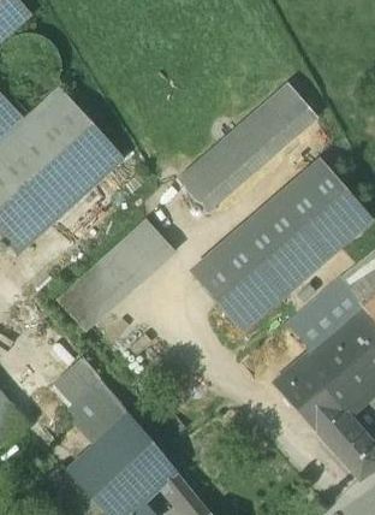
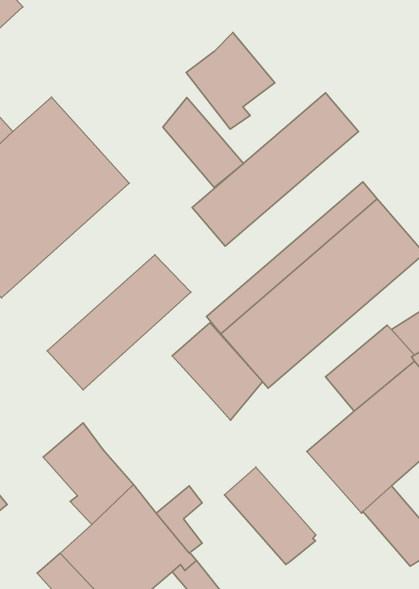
building: none -> [186,33,275,129]
building: none -> [163,97,244,187]
building: none -> [172,323,263,420]
building: none -> [225,467,316,565]

